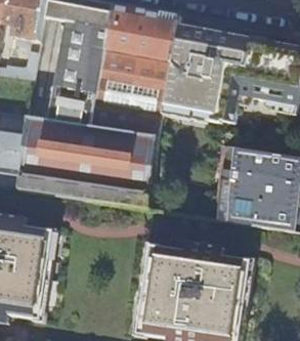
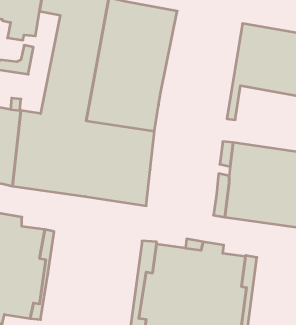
building: [161,16,244,123] -> none

